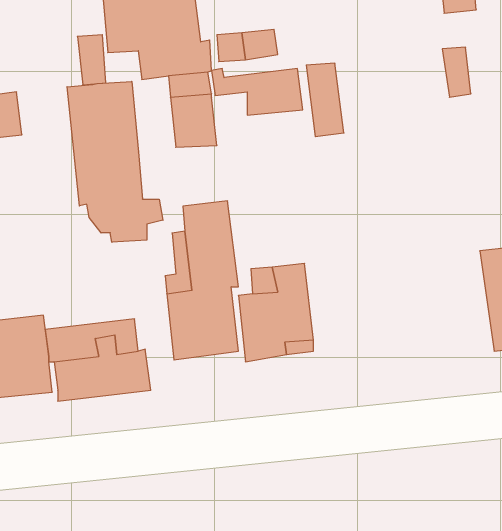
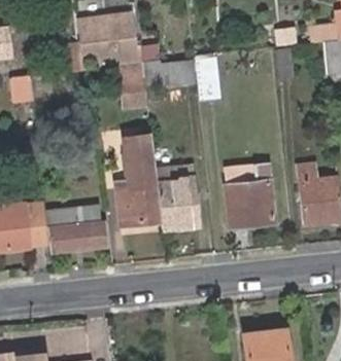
building: [67,81,163,242] -> none
building: none -> [227,164,274,226]

